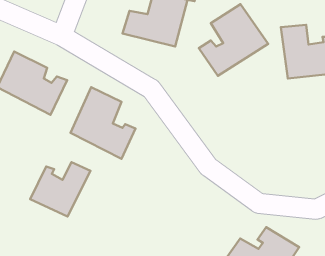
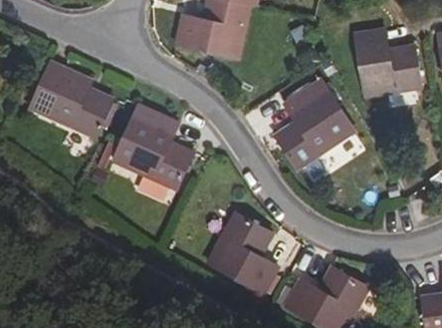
building: [199,4,268,76] -> [269,83,350,167]
building: [30,162,91,217] -> none
building: none -> [215,214,284,293]

